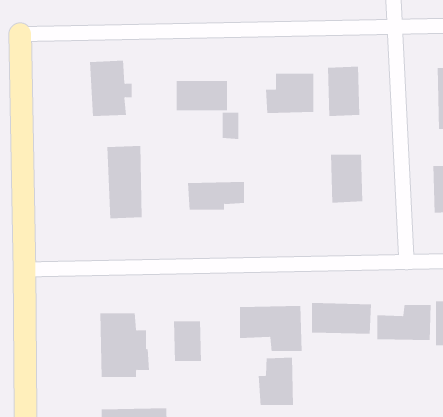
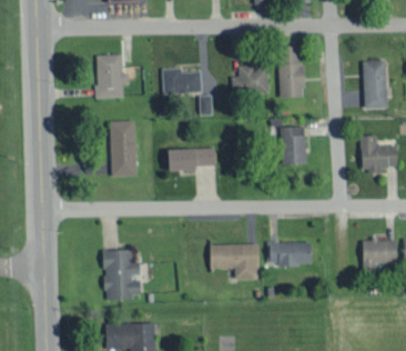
building: [377,304,431,341] -> none
building: [174,321,202,362] -> none
building: [258,357,294,406] -> none

